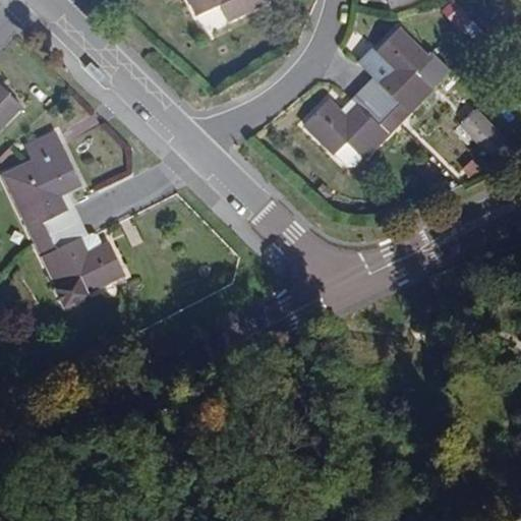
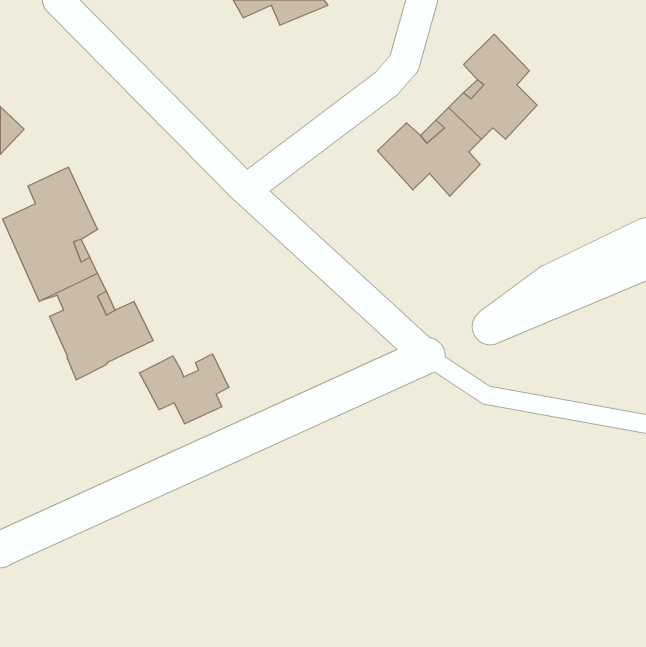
building: [462,108,509,156] -> none
building: none -> [139,354,229,424]

